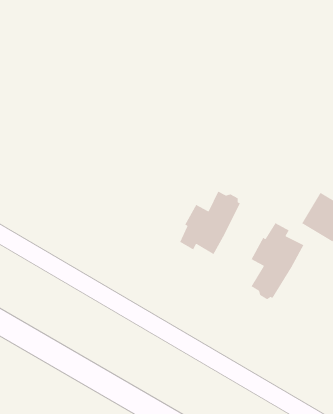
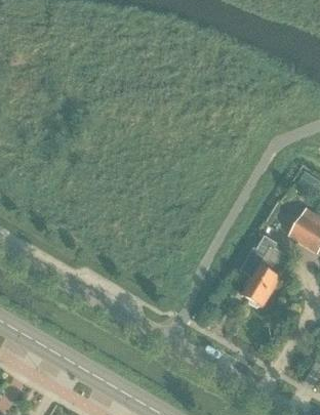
building: [179,191,241,255] -> none

